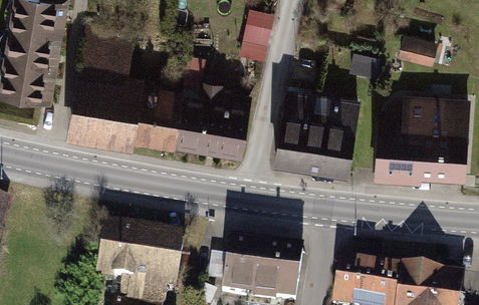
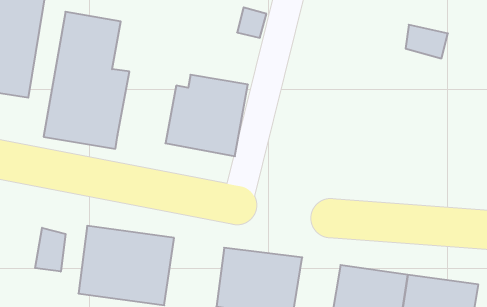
building: [133,85,187,146] -> none
building: [274,89,357,176] -> none
building: [377,100,469,178] -> none
building: none -> [35,228,66,272]

